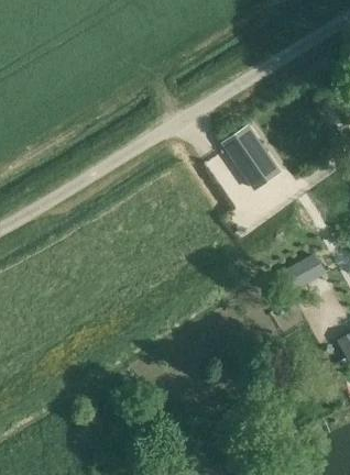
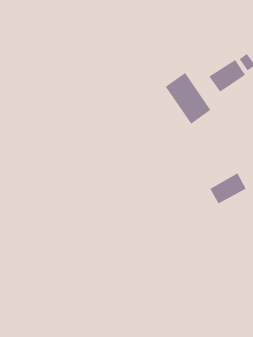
building: none -> [209,59,246,93]

